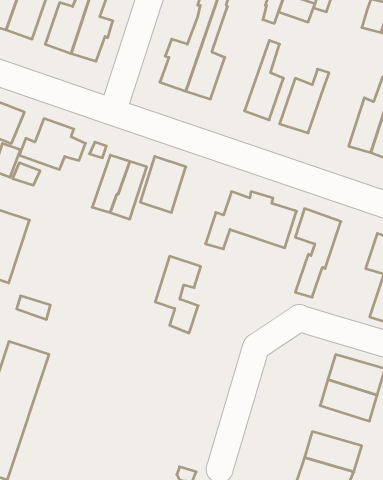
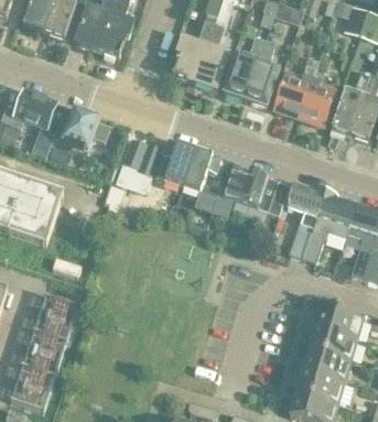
building: none -> [223,36,264,99]
building: none -> [298,79,335,126]
building: none -> [304,193,356,259]
building: [155,256,201,333] -> [182,147,220,212]
building: none -> [301,348,349,382]

